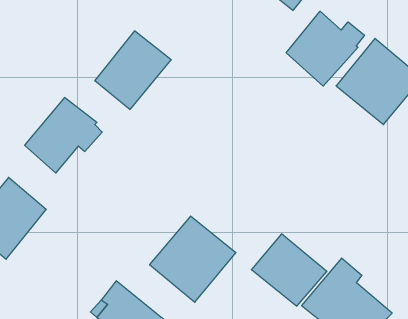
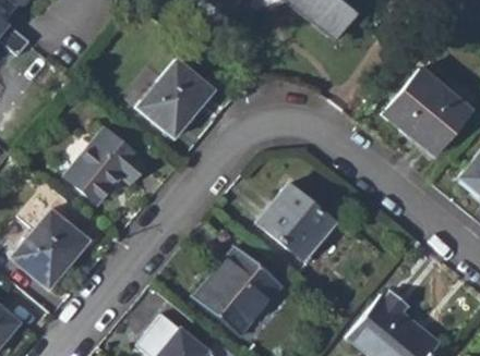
building: [286,11,364,86] -> none
building: [251,234,327,306] -> [257,184,334,257]

